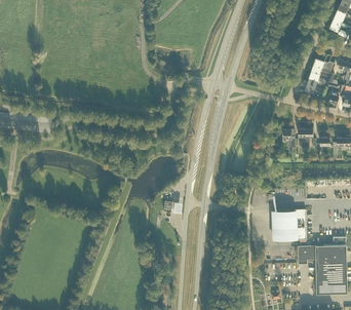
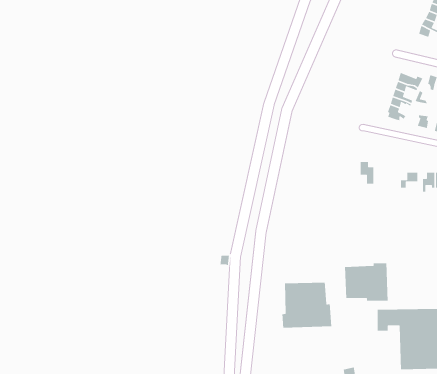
building: none -> [281,282,332,329]

